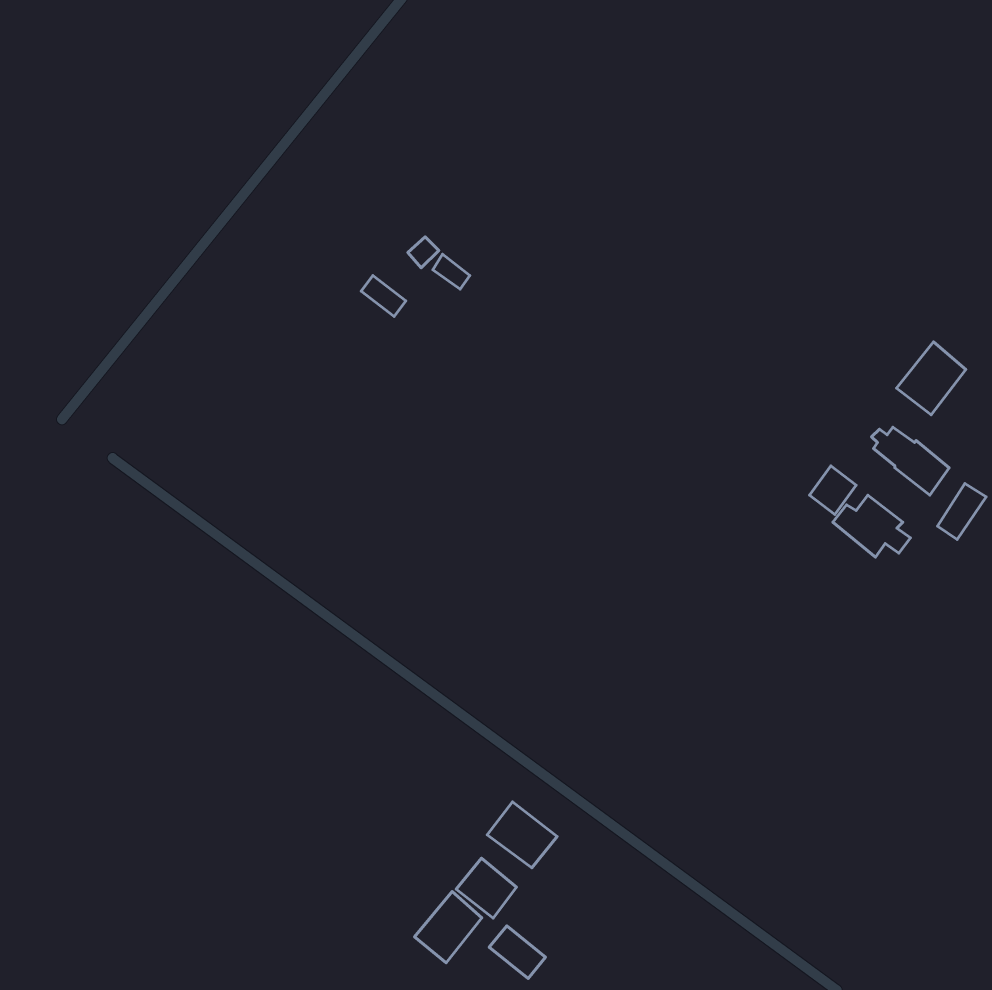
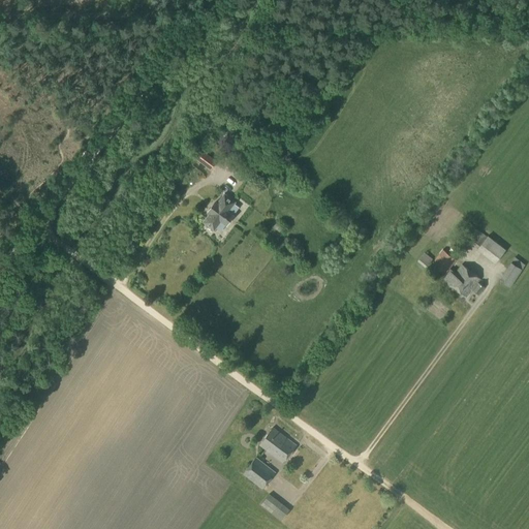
building: [897,342,966,415] -> none
building: none -> [203,193,236,229]
building: [414,891,482,963] -> none

